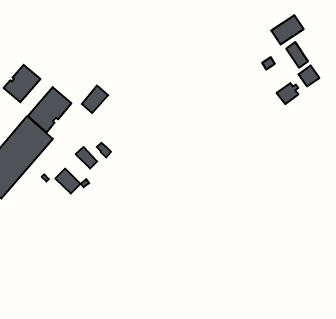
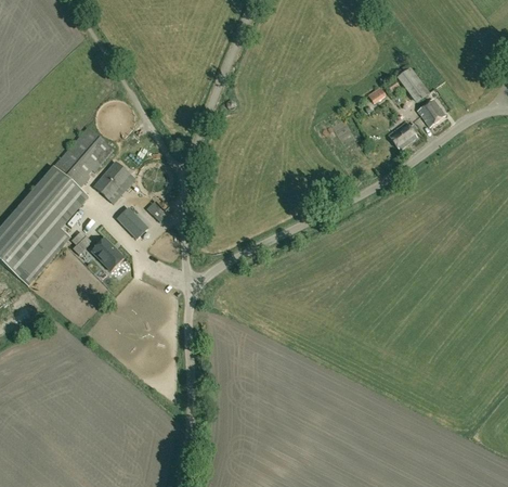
building: [271,15,304,45] -> none
building: [4,65,40,102] -> none
building: [82,86,108,113] -> [94,162,130,198]

